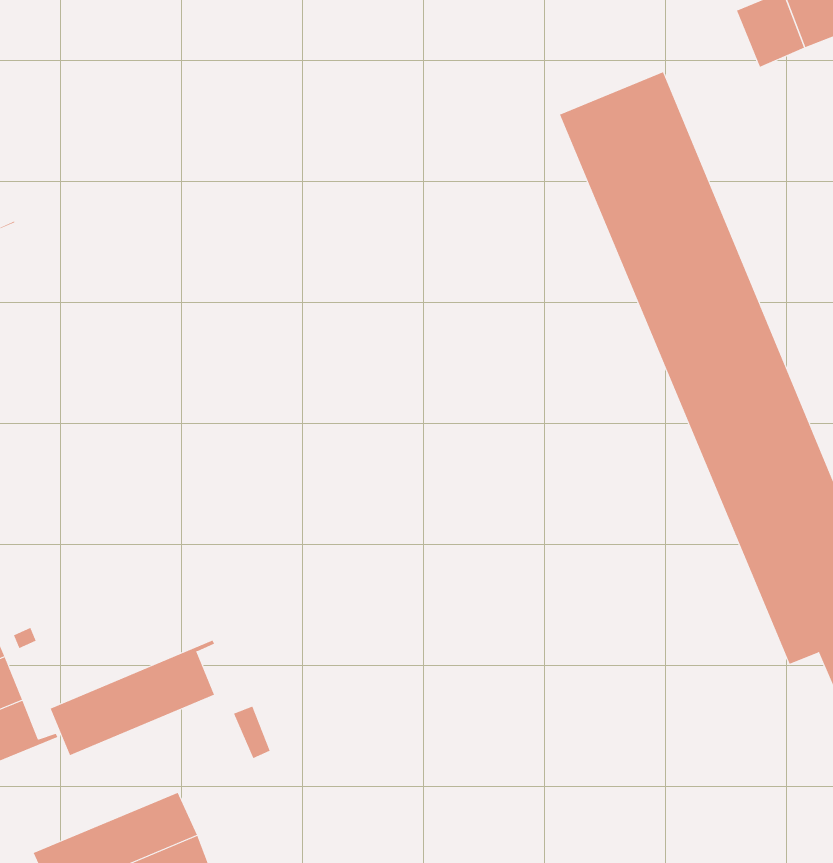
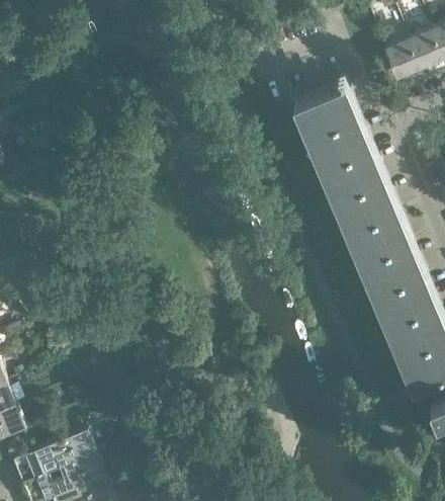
building: [50,640,215,756] -> [9,427,94,487]

